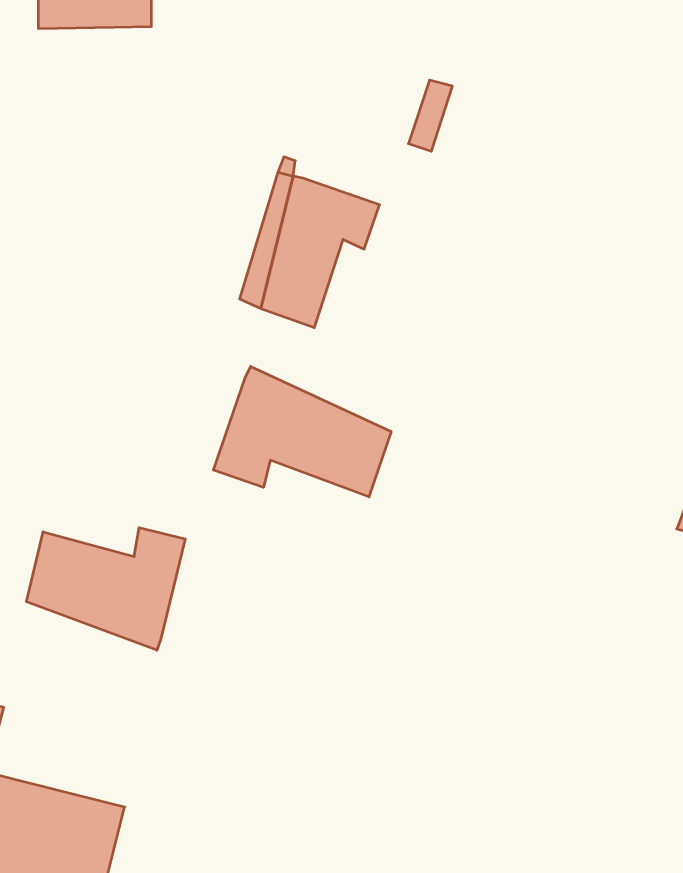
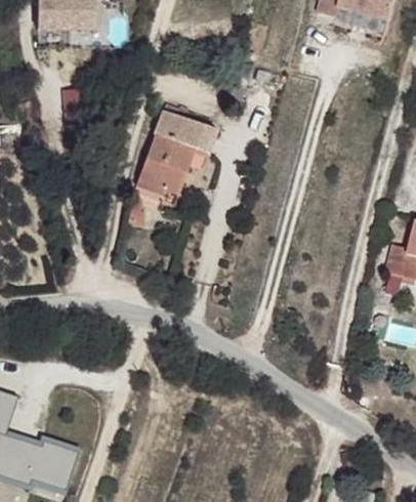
building: [213,366,391,497] -> none
building: [26,528,185,650] -> none

